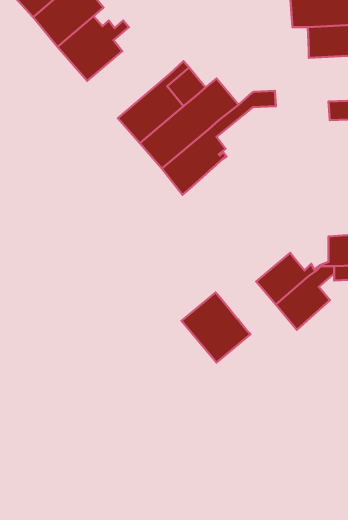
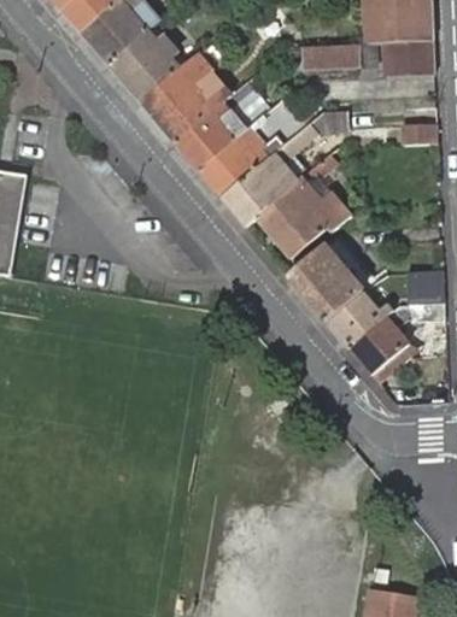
building: none -> [294,42,356,69]
building: none -> [140,52,230,141]
building: none -> [256,157,350,257]
building: [181,292,251,363] -> [287,243,363,321]

